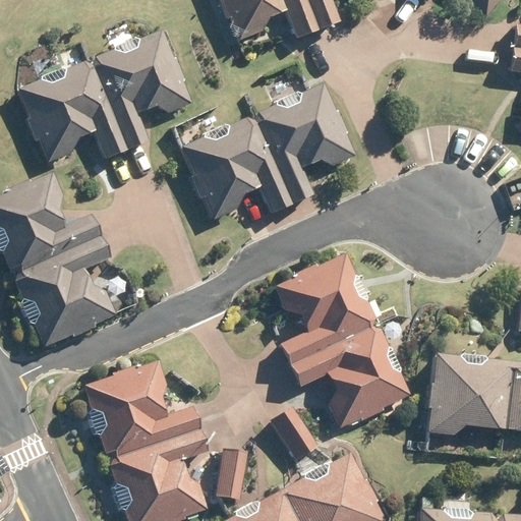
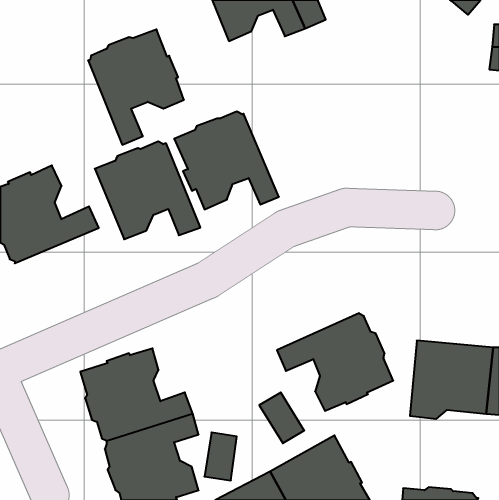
building: [18,61,128,163] -> [95,141,200,239]
building: [254,84,356,205] -> none
building: [15,237,116,345] -> none
building: [274,254,375,364] -> none

